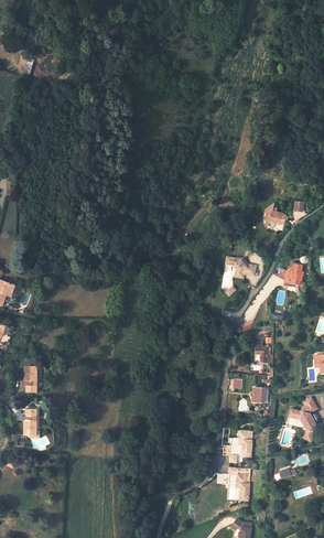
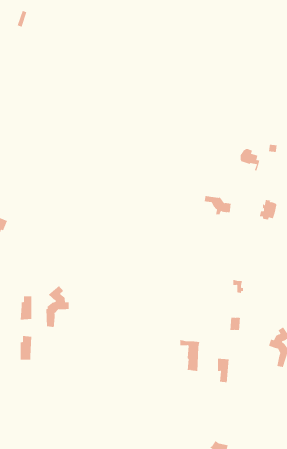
building: none -> [46,285,69,328]
building: [227,469,249,503] -> [180,340,200,371]

